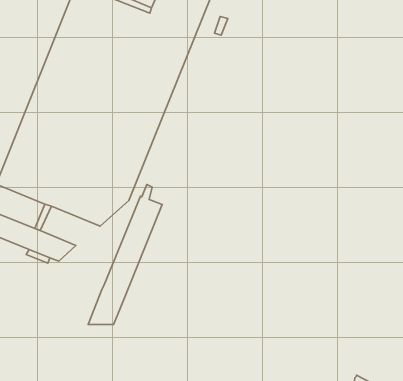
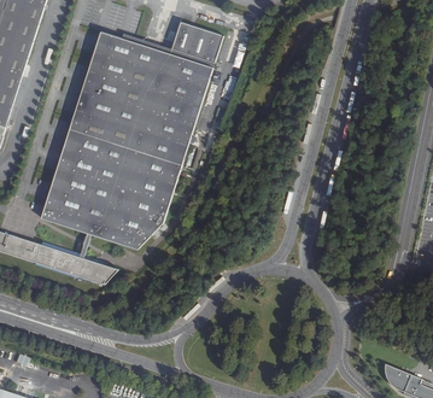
building: [88,185,162,325] -> none

